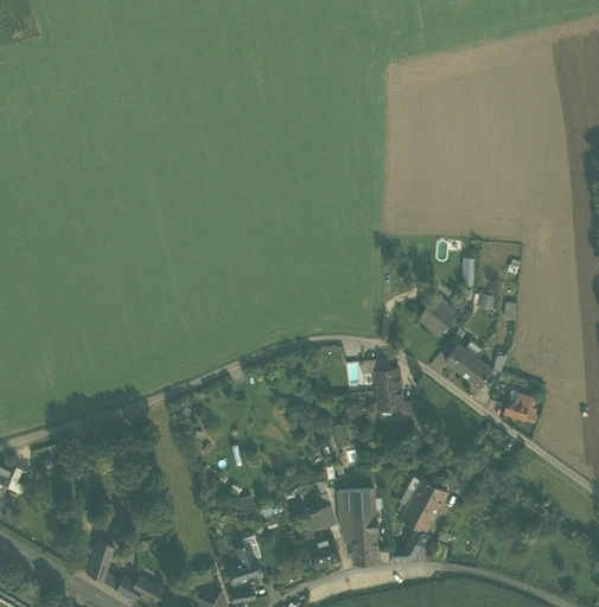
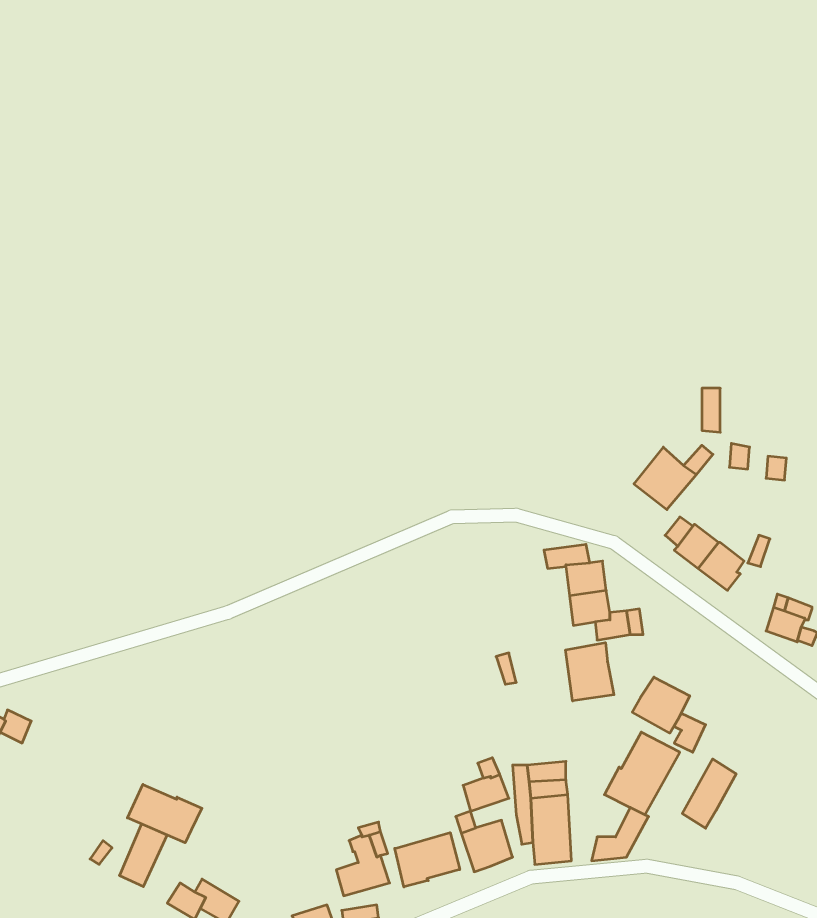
building: none -> [566,643,614,701]
building: none -> [632,677,690,733]
building: none -> [682,759,736,828]
building: none -> [127,784,202,843]
building: none -> [395,833,460,887]

